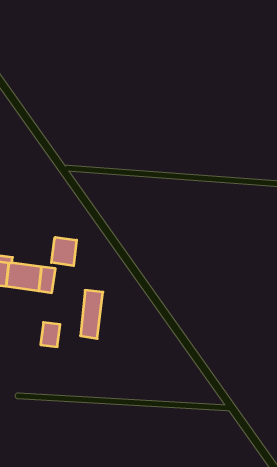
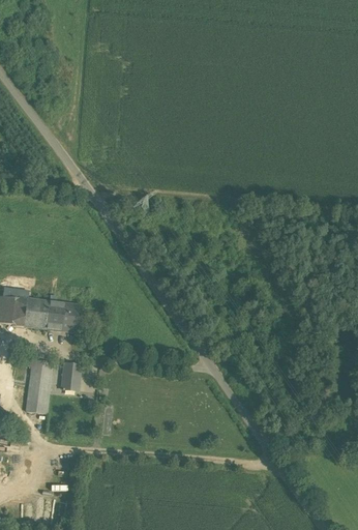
building: [51,237,77,266] -> none
building: [80,290,103,339] -> [26,359,51,413]

